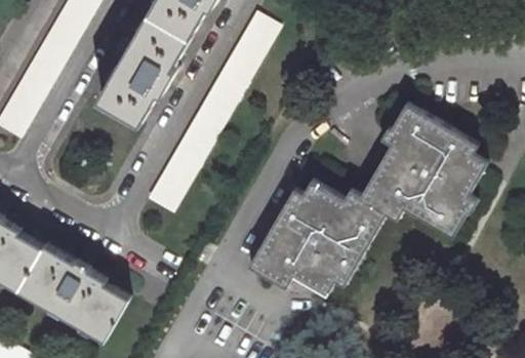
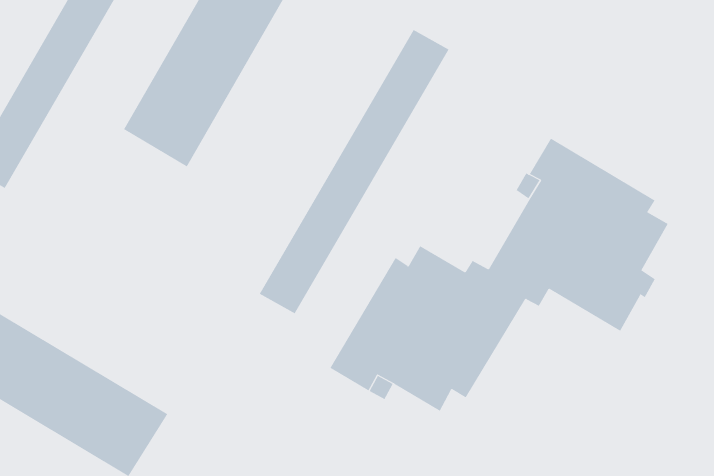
building: [147,11,281,212] -> [259,29,449,314]

